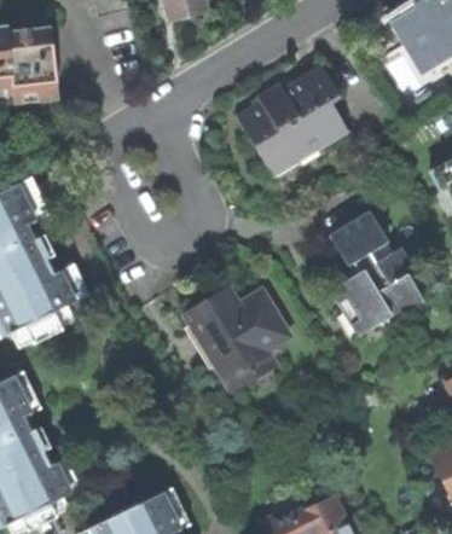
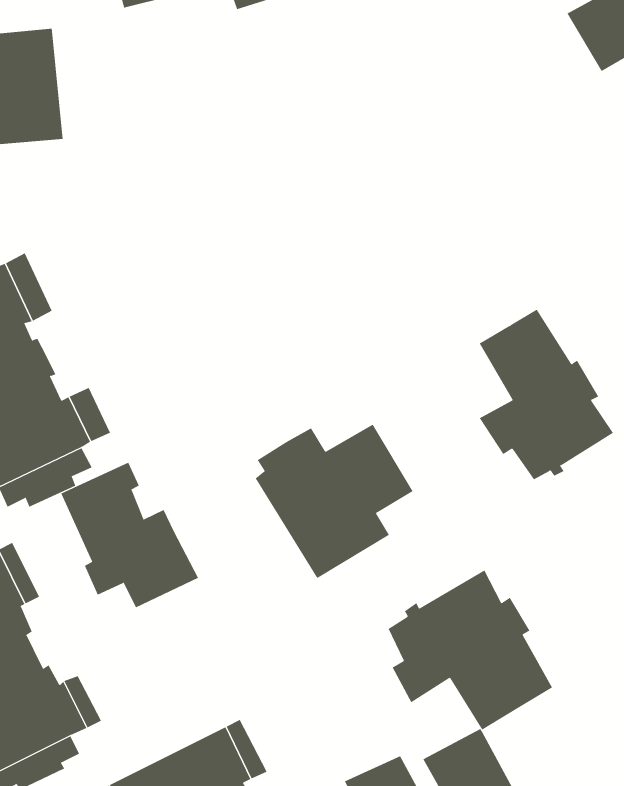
building: [234,63,337,174] -> none
building: none -> [61,462,199,608]
building: none -> [388,570,553,730]

